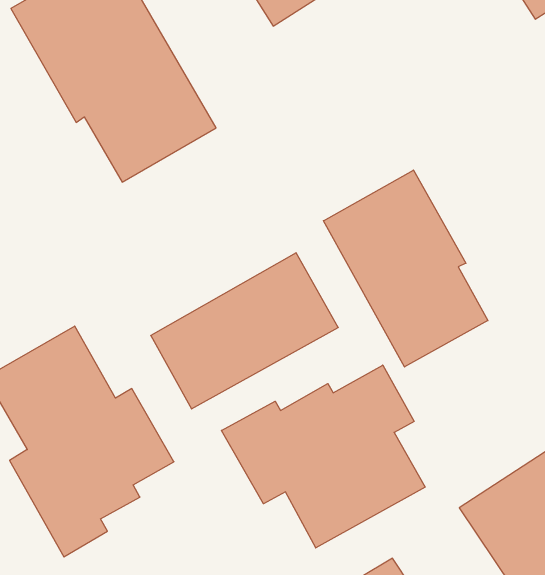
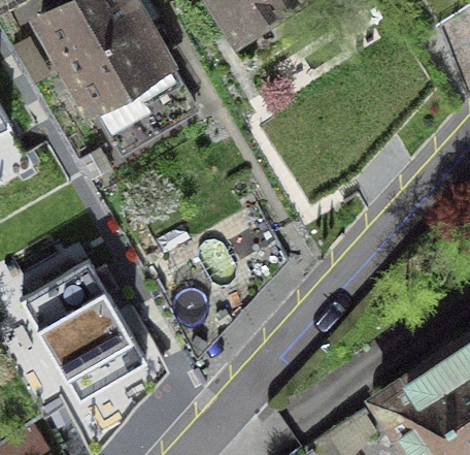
building: [323,170,488,367] -> none
building: [221,365,425,548] -> none

